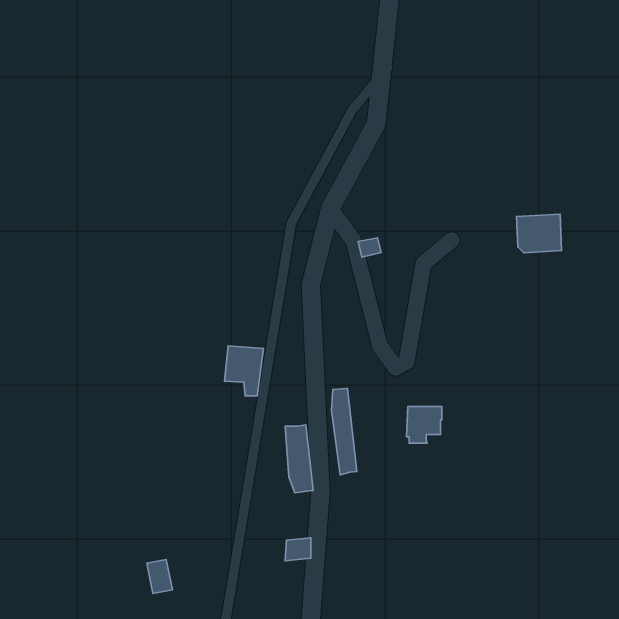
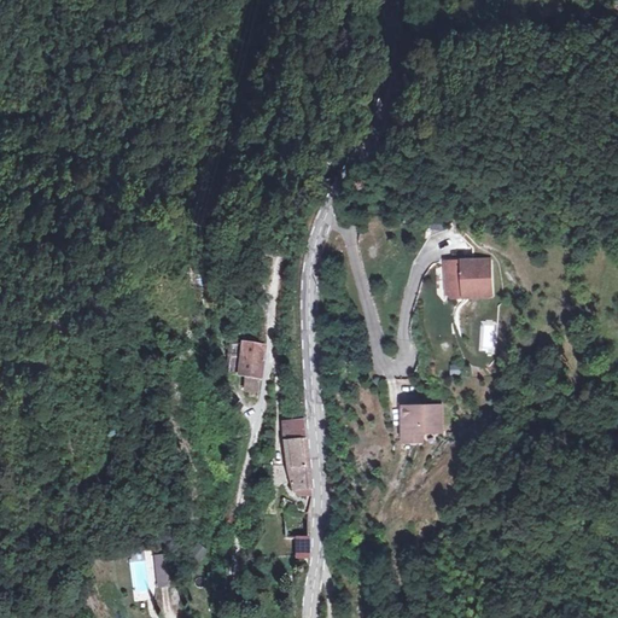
building: [517,214,561,253] -> [447,258,491,297]
building: [332,388,357,475] -> none

